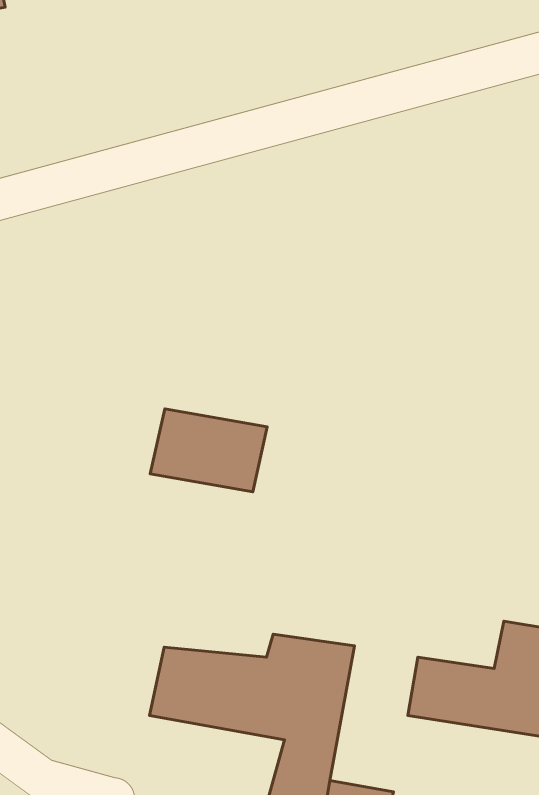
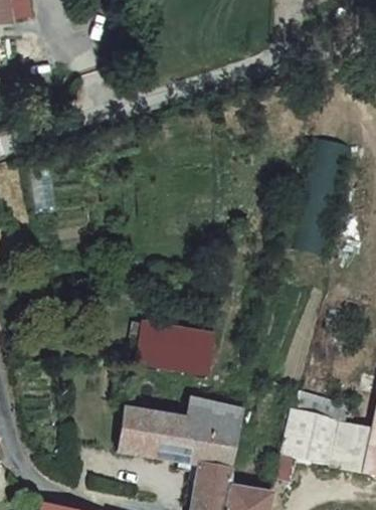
building: [150,409,267,492] -> [134,320,206,371]

